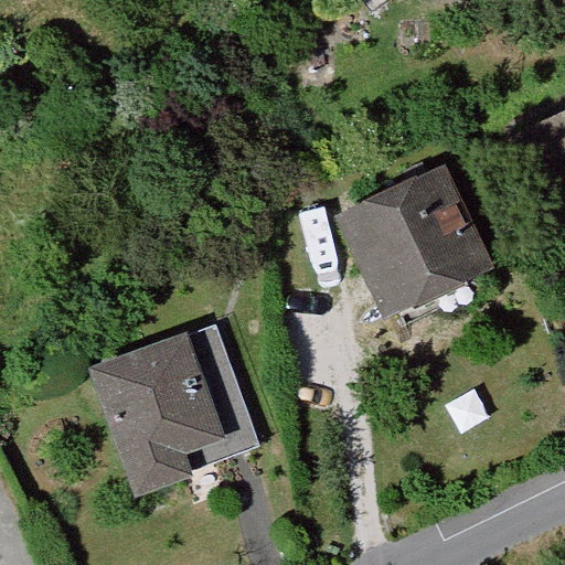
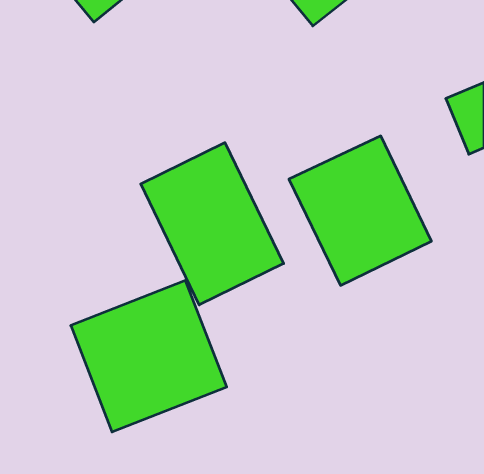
building: none -> [141,143,284,305]

